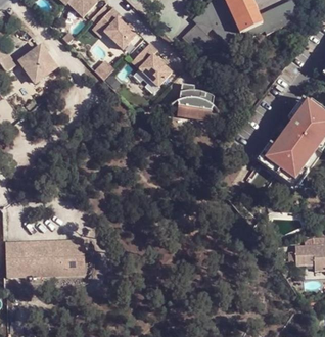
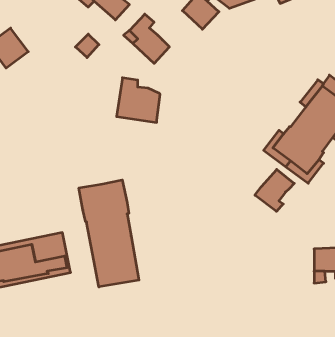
building: [174,84,212,123] -> [117,78,160,122]
building: none -> [255,169,294,211]
building: none -> [79,180,139,287]

